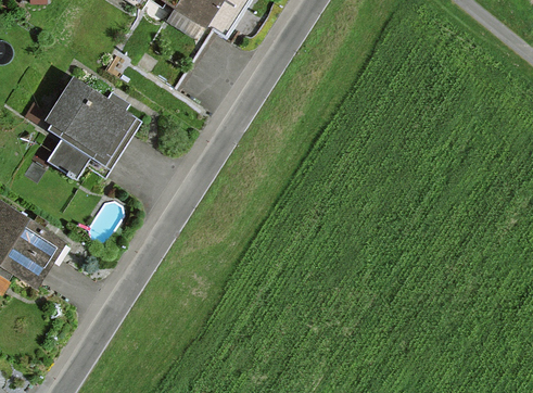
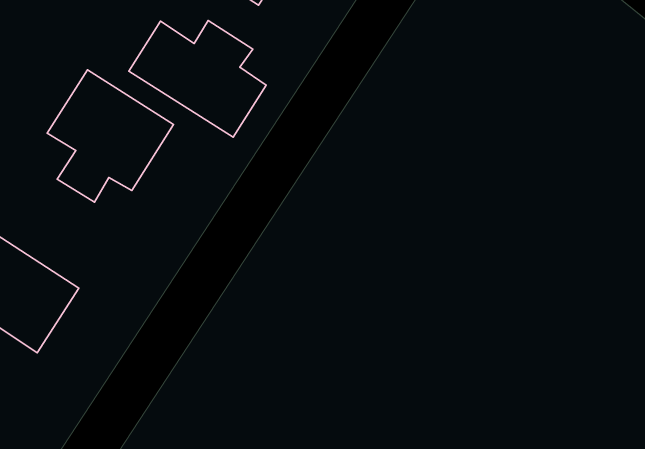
building: none -> [129,20,266,137]

